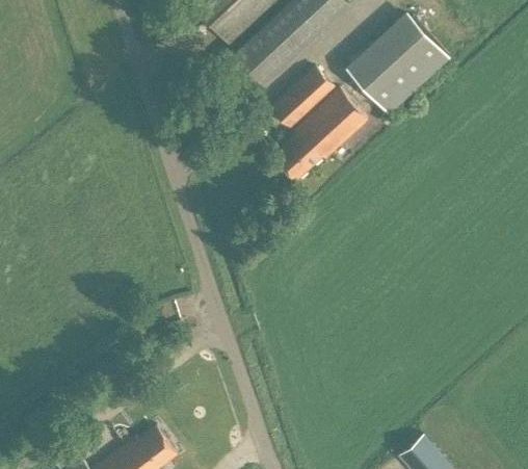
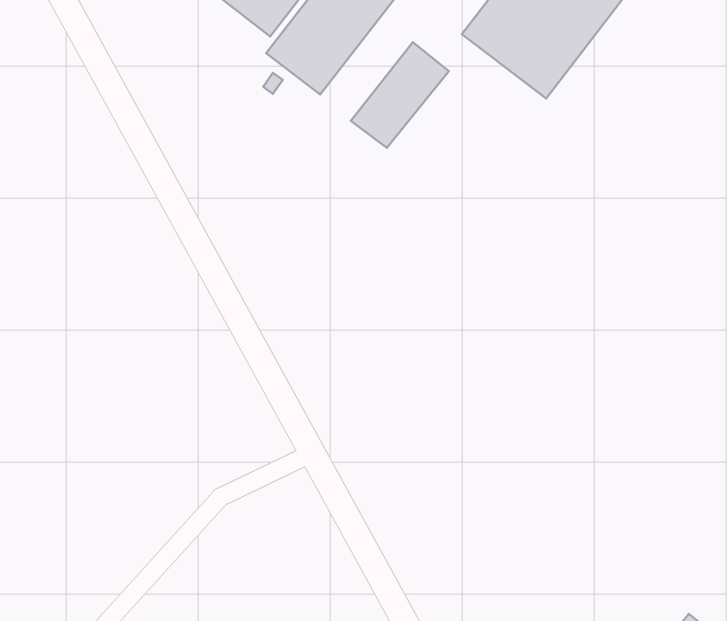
building: [272,89,368,181] -> none

